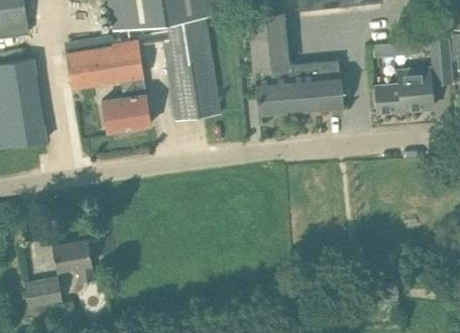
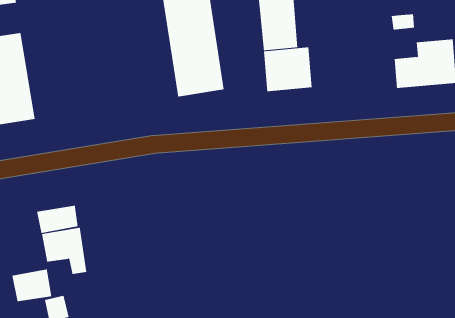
building: [66,42,151,131] -> none
building: [298,70,344,111] -> none
building: none -> [37,205,78,234]

